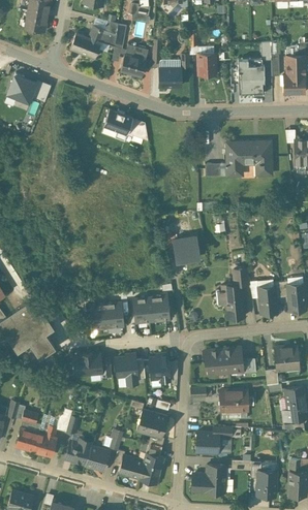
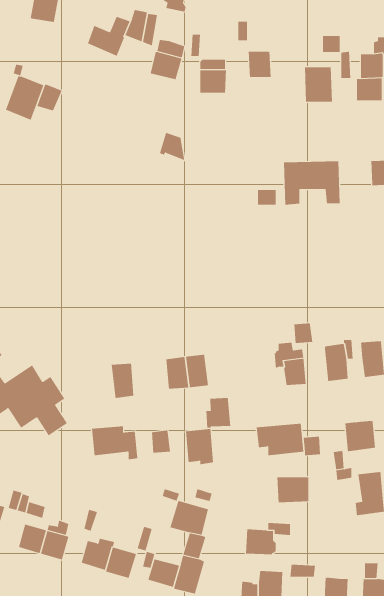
building: [102,108,132,141] -> none
building: [174,236,198,260] -> none
building: [105,298,123,326] -> none
building: none -> [206,397,231,428]

